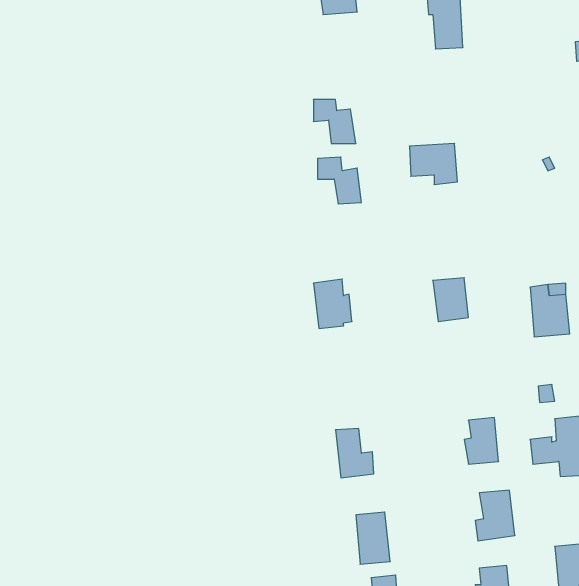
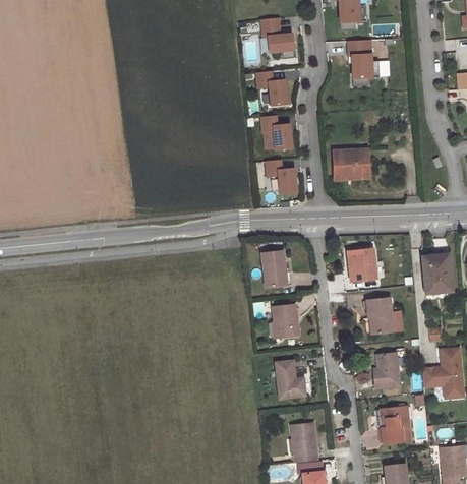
building: none -> [255,73,289,107]
building: none -> [366,299,402,332]
building: none -> [272,305,297,336]

